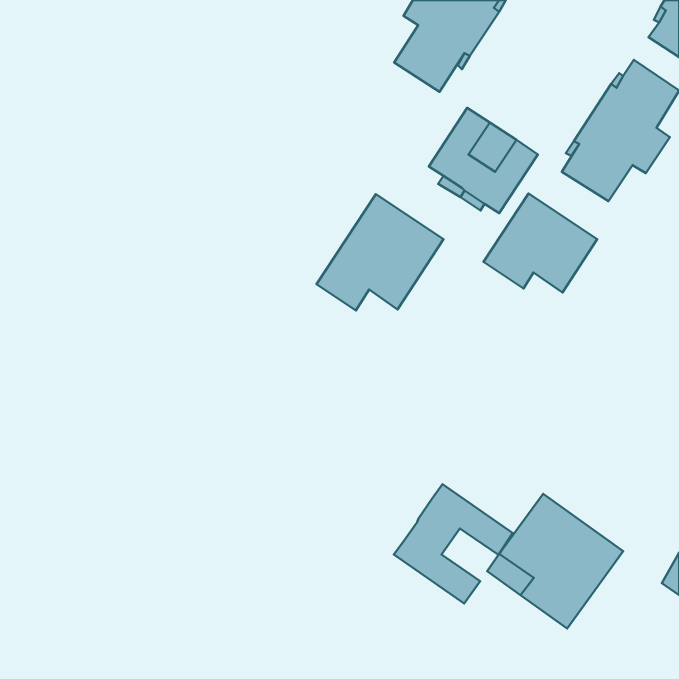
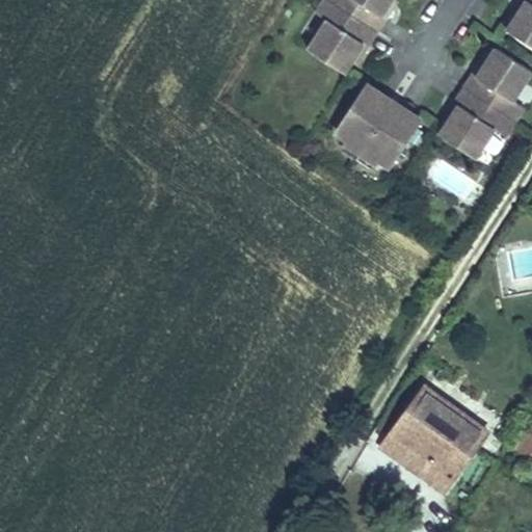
building: [484,193,597,293] -> none
building: [317,194,443,310] -> none
building: [394,484,513,603] -> none

